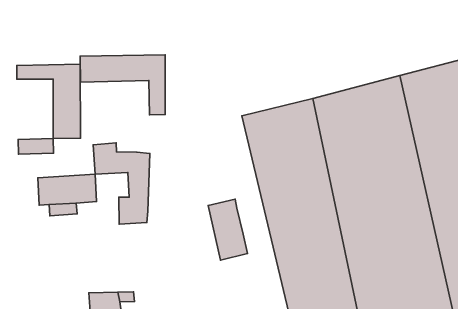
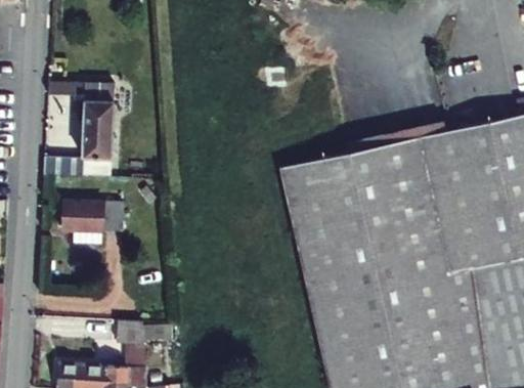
building: [80,55,165,115] -> none
building: [93,143,150,224] -> none
building: [208,199,247,260] -> none

